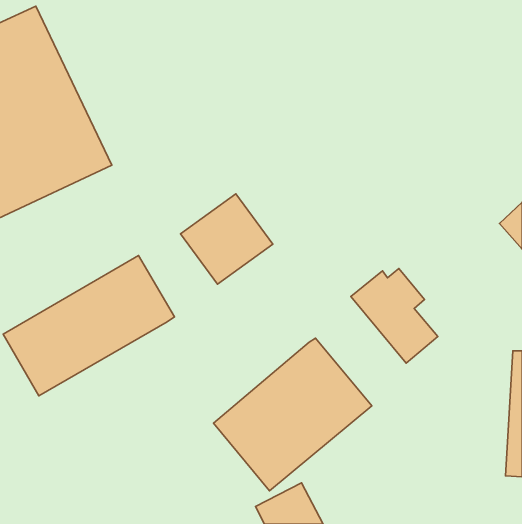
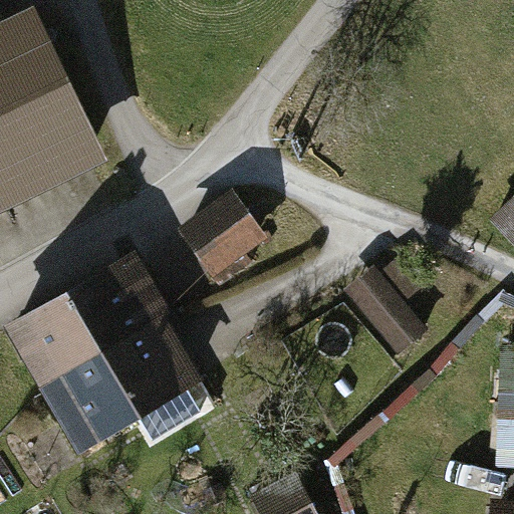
building: none -> [38,315,203,455]
building: [213,338,372,491] -> none

